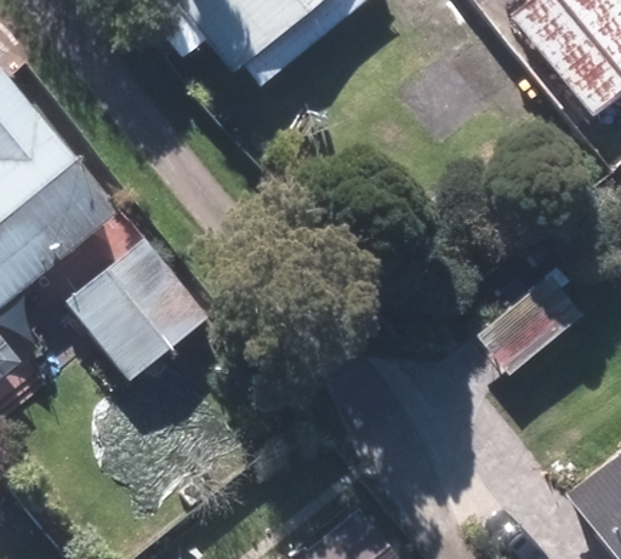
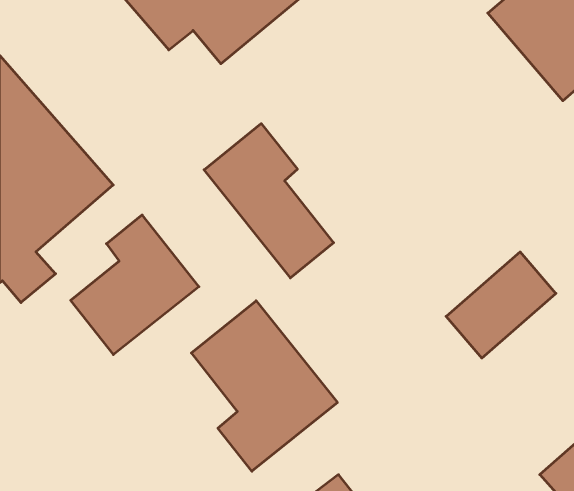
building: none -> [204,124,334,278]
building: none -> [191,301,337,471]

